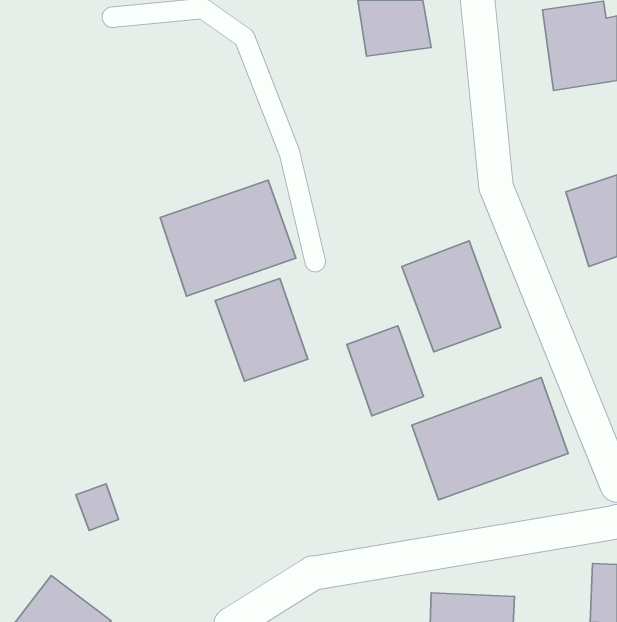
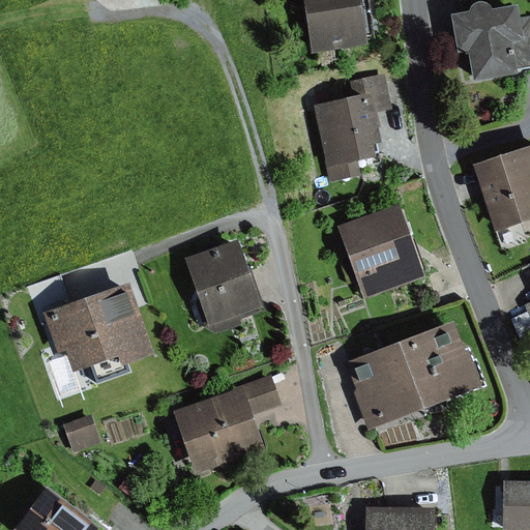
building: none -> [314,72,393,180]
building: [160,180,296,296] -> none
building: [347,326,424,416] -> none
building: none -> [47,282,152,377]
building: none -> [172,377,279,469]

